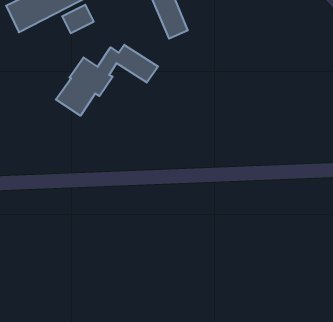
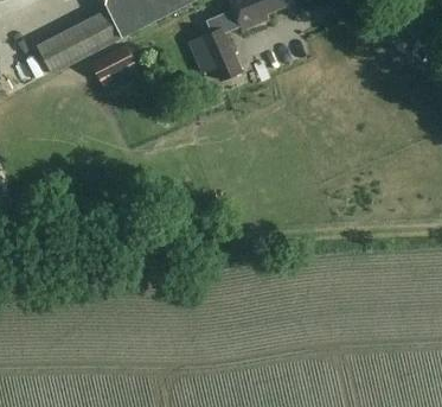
building: [56,45,158,116] -> none

